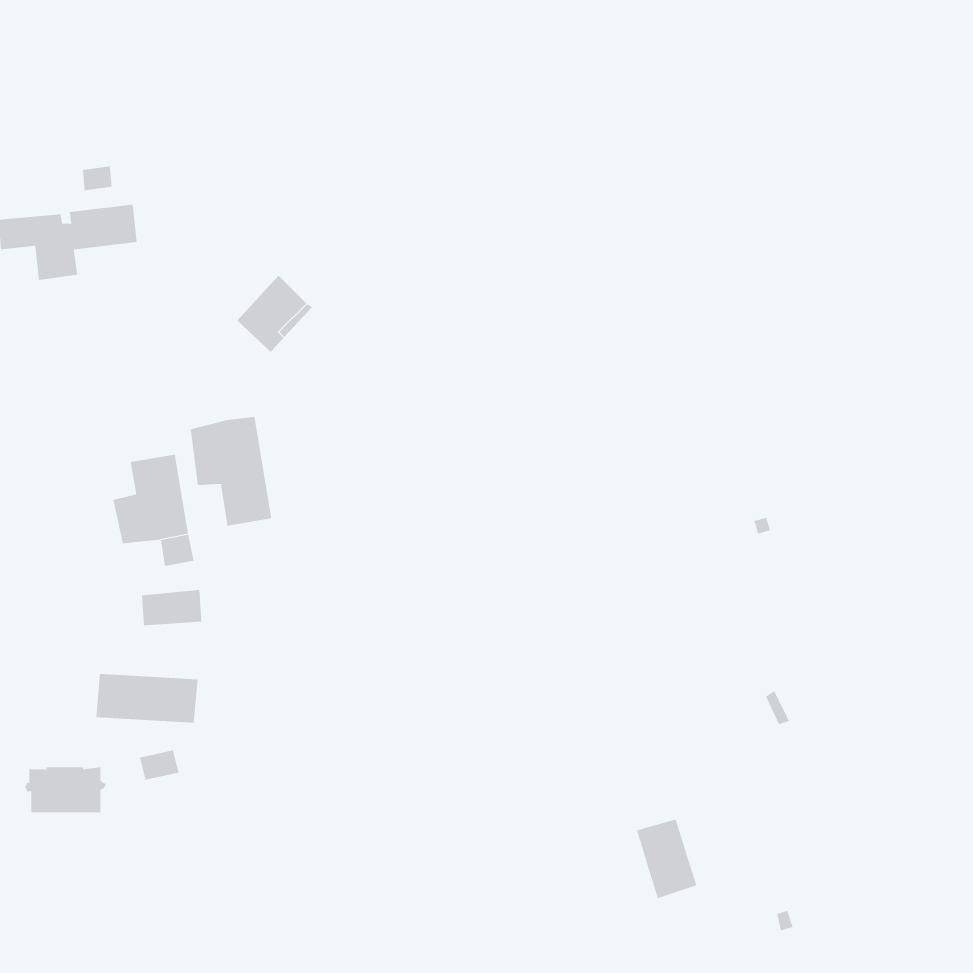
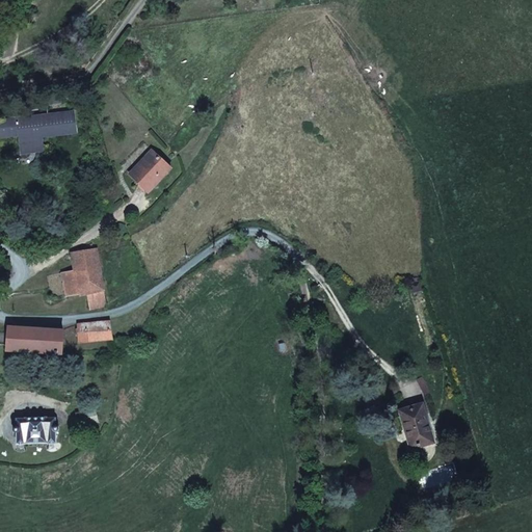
building: [190,416,272,526] -> none
building: [95,674,198,723] -> [6,326,62,353]
building: [636,819,697,899] -> [399,404,432,448]

